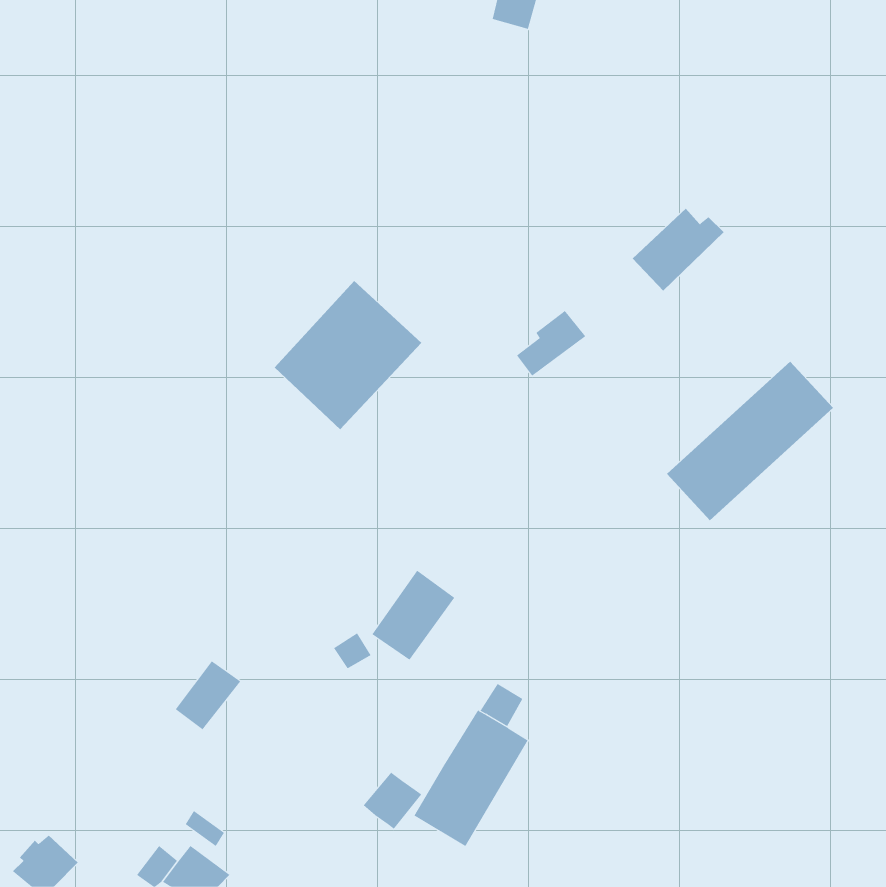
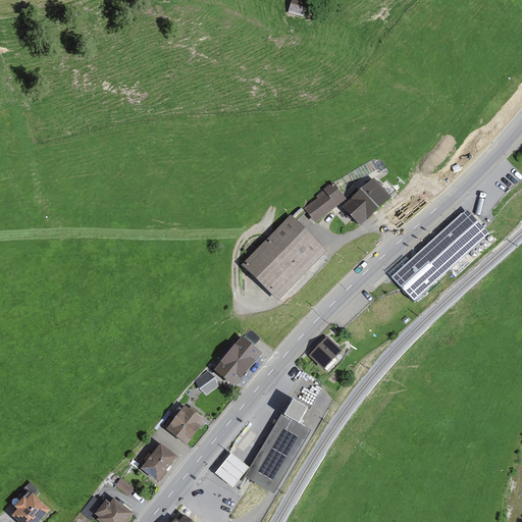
building: [632,208,724,292] -> [340,175,394,224]
building: [274,280,422,430] -> [239,212,325,300]
building: none -> [309,337,338,367]
building: [175,660,241,730] -> [142,442,180,483]
building: none -> [170,404,210,445]

